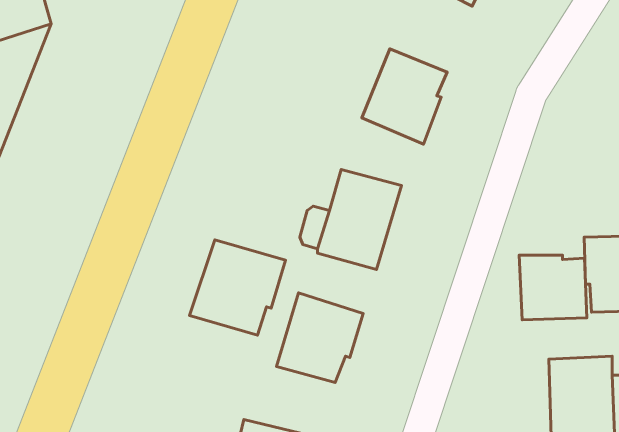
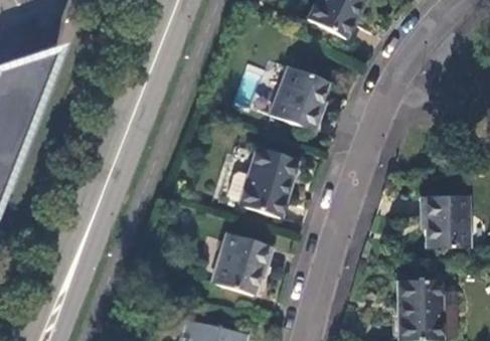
building: [190,240,286,335] -> none
building: [519,255,587,320] -> none

